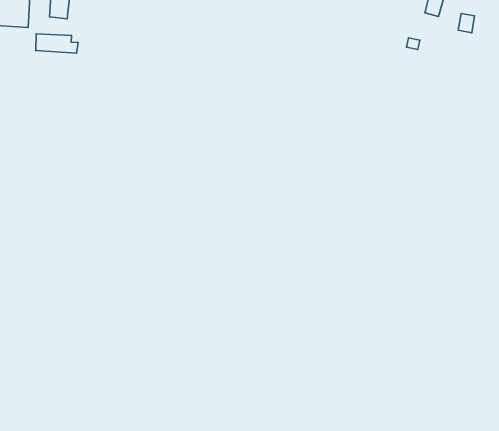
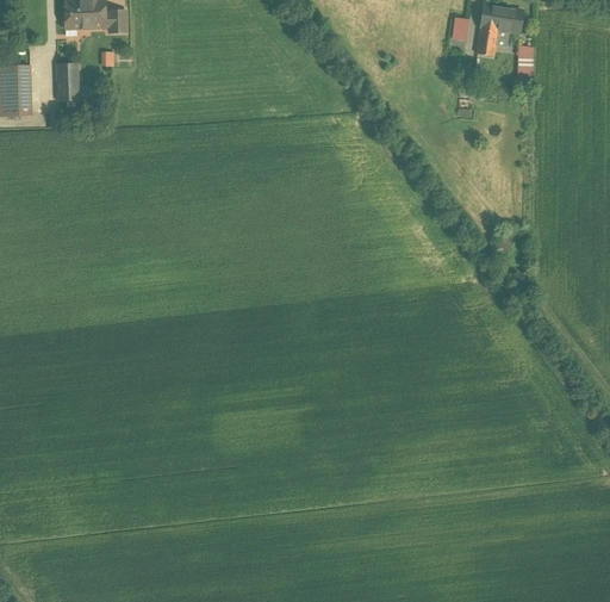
building: [36,34,78,53] -> none

